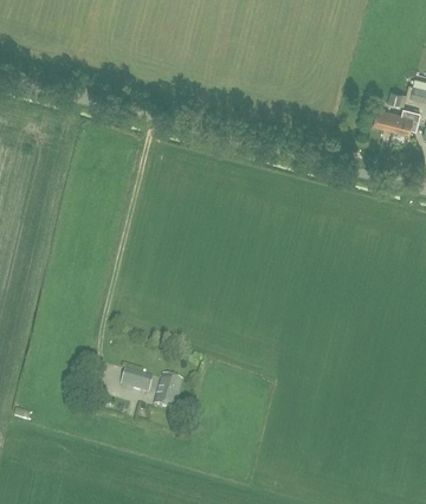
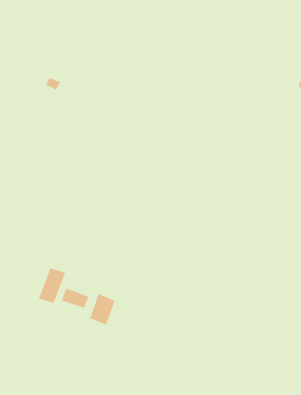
building: none -> [38,267,66,304]

